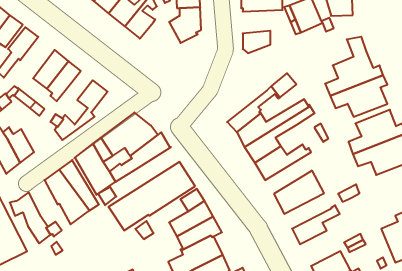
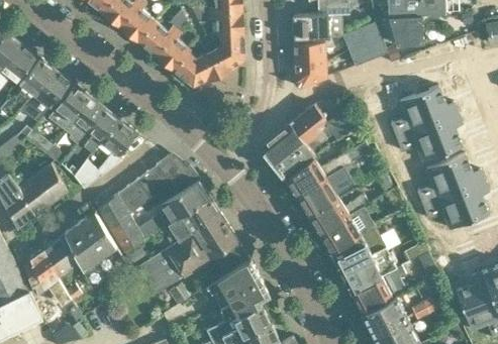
building: none -> [293,41,326,65]
building: none -> [174,51,221,87]
building: none -> [21,69,72,122]
building: none -> [261,104,325,167]
building: none -> [85,108,119,152]
building: none -> [35,163,67,203]
building: none -> [166,197,220,248]
building: none -> [320,208,375,251]
building: none -> [44,235,78,277]
building: none -> [342,250,397,292]
building: none -> [361,296,408,335]

